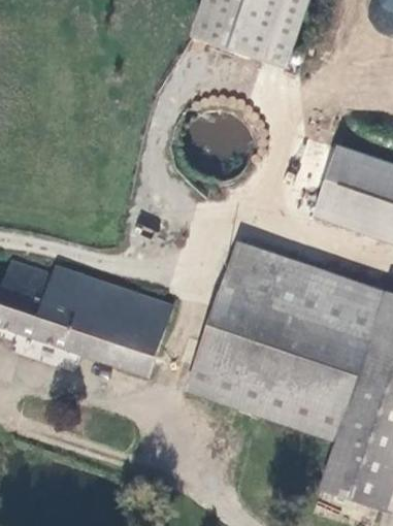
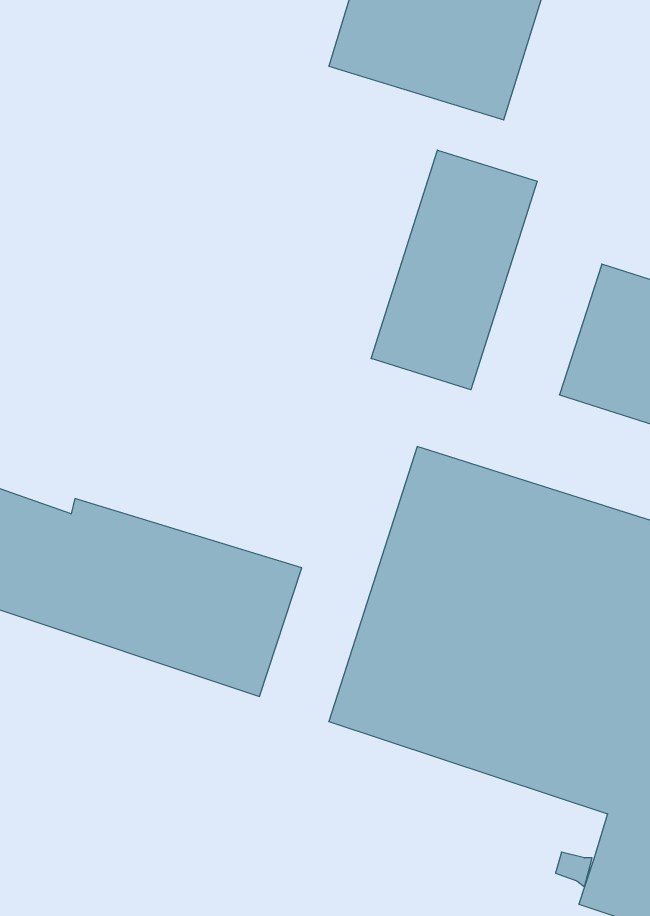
building: none -> [371,150,537,390]

